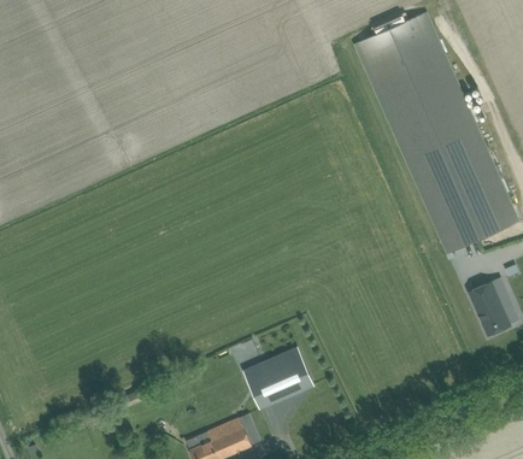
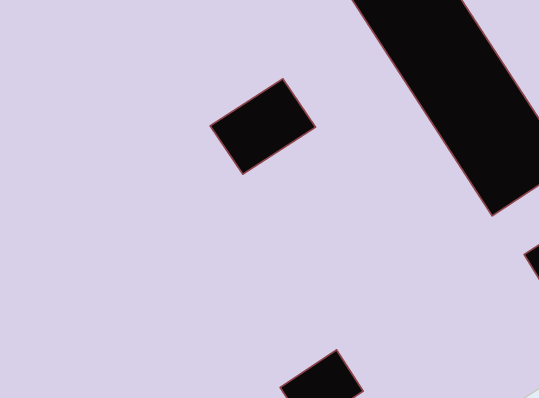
building: none -> [210,79,315,174]

